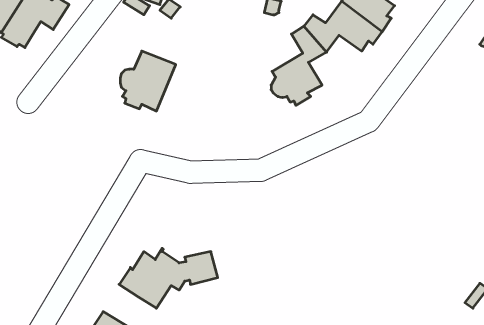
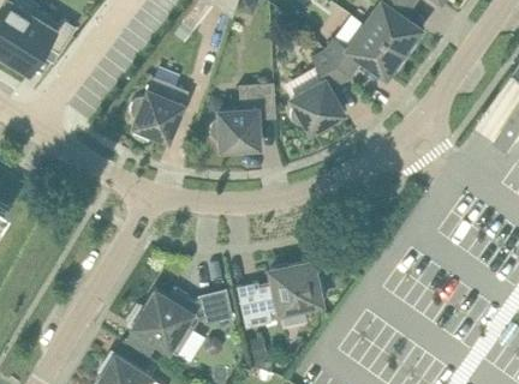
building: none -> [209,84,275,155]
building: none -> [237,262,324,329]

